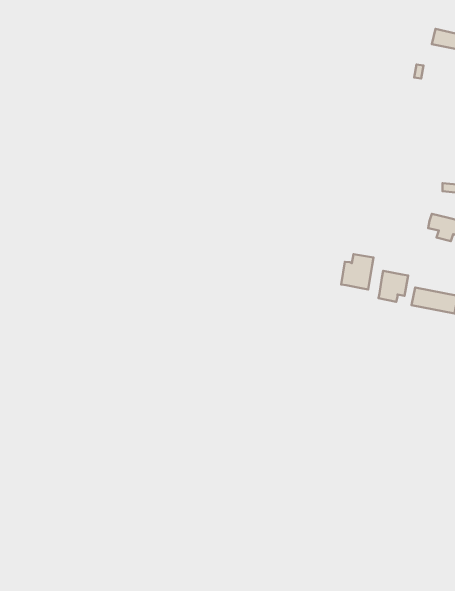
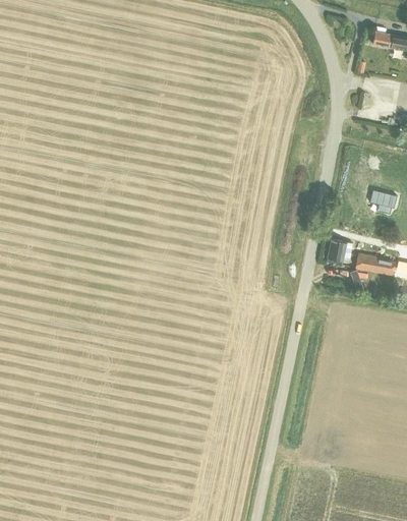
building: [341,254,374,290] -> none

